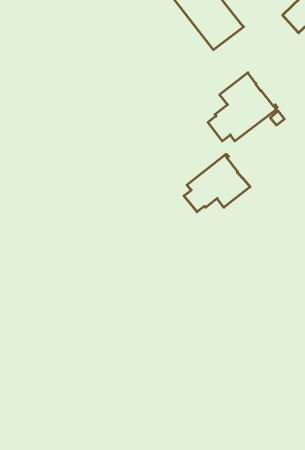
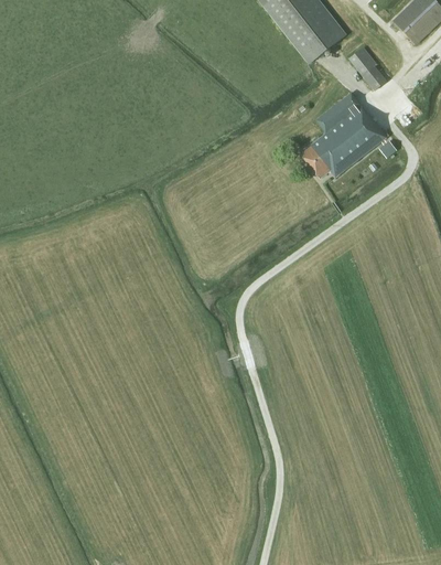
building: none -> [349,46,386,89]
building: [184,154,250,212] -> none

